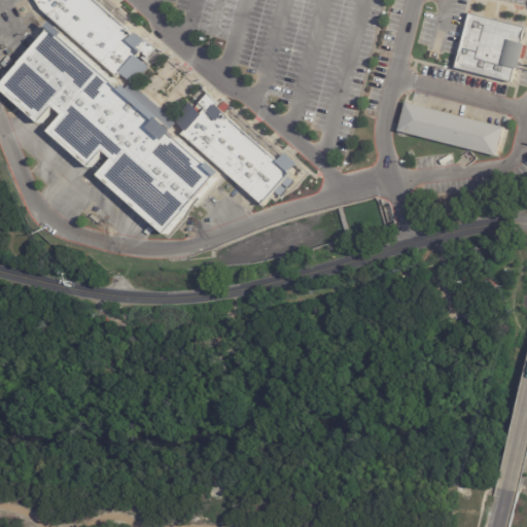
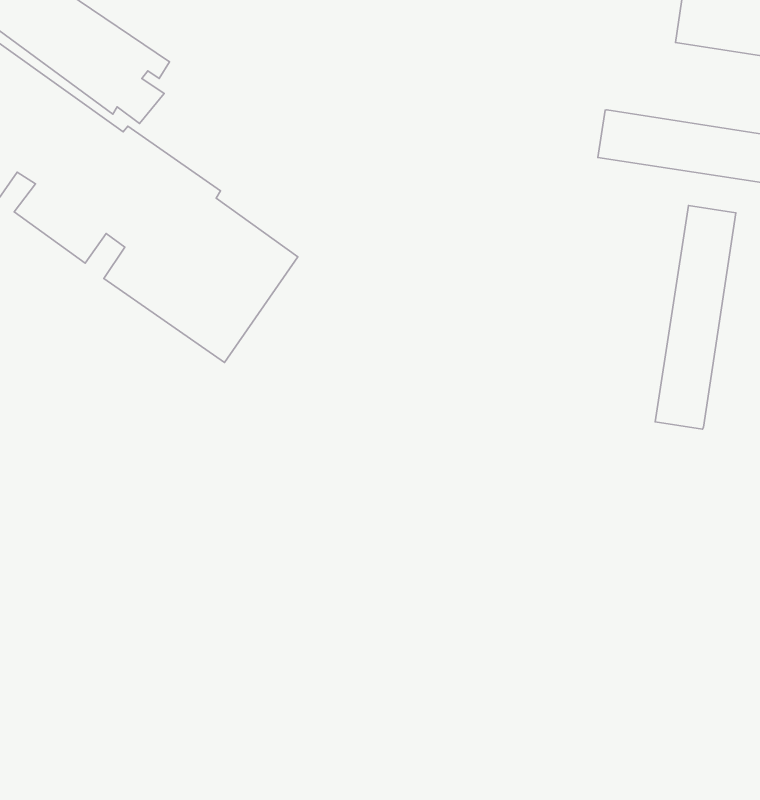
building: [169,95,286,203] -> none
building: none -> [655,205,736,429]

